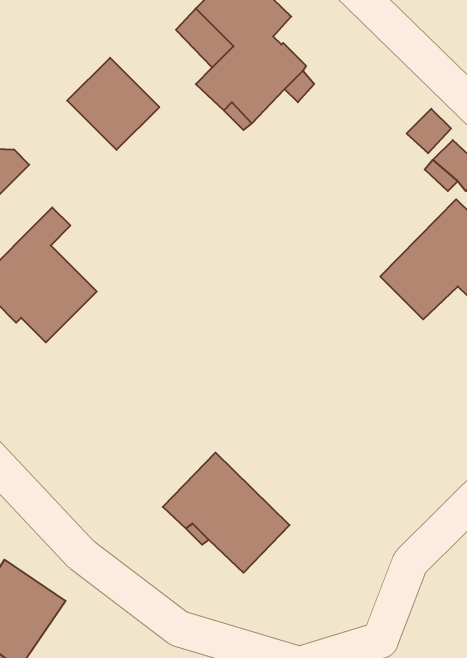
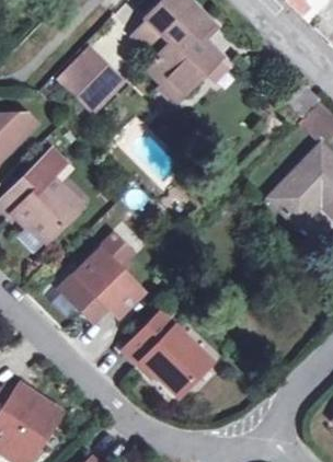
building: none -> [61,235,140,322]

